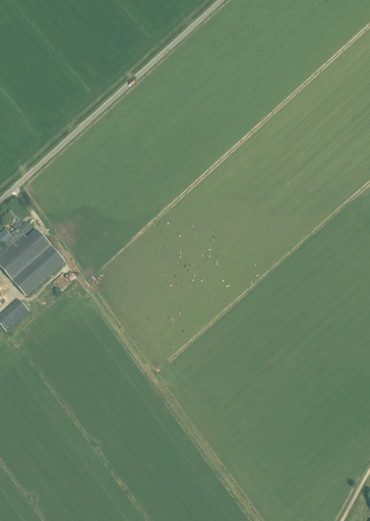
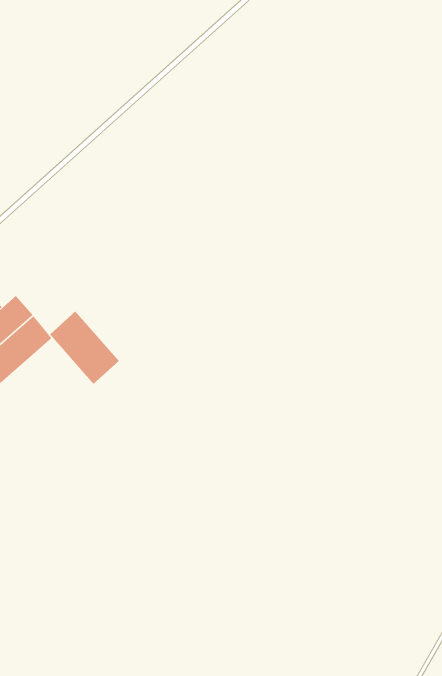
building: none -> [49,310,120,385]

